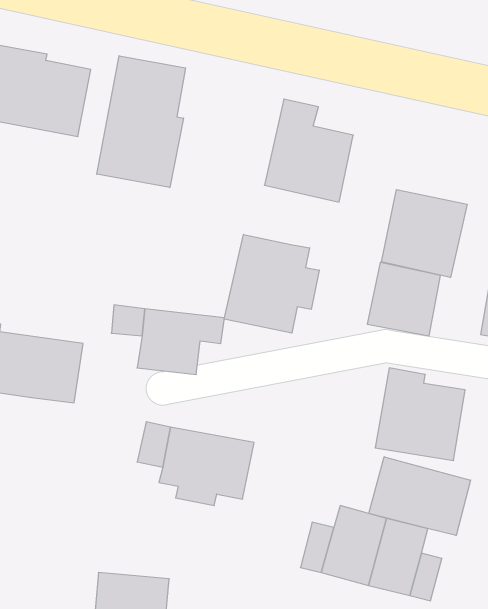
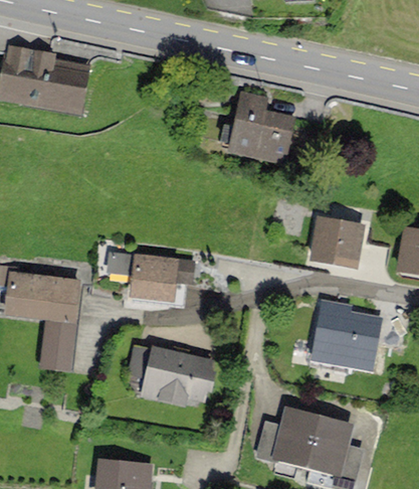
building: [97,56,186,188] -> none
building: [382,190,467,278] -> none
building: [224,234,319,333] -> none
building: none -> [38,322,77,372]
building: [369,457,471,536] -> none

